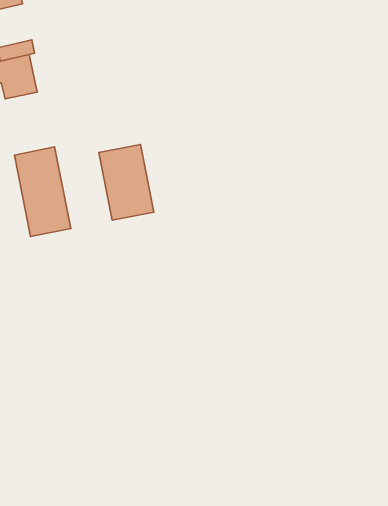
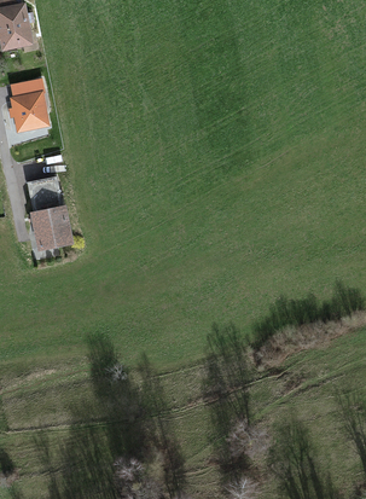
building: [99,144,154,220] -> none

